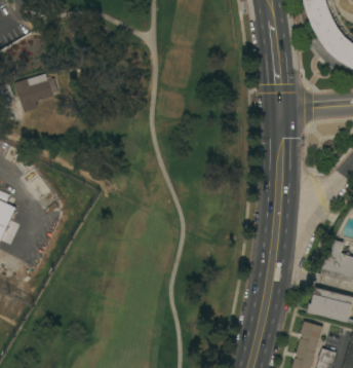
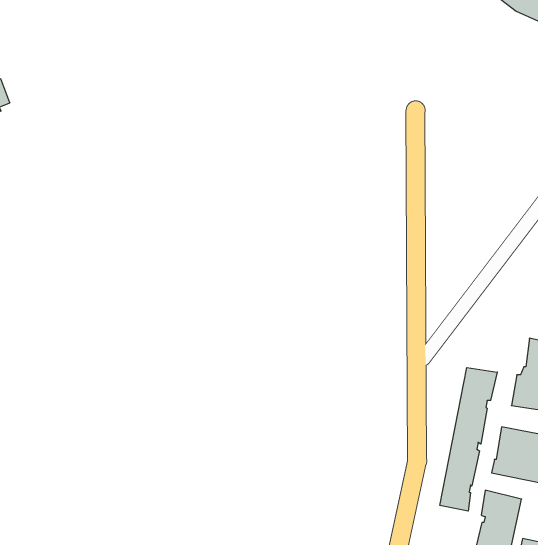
building: none -> [440,368,497,511]

